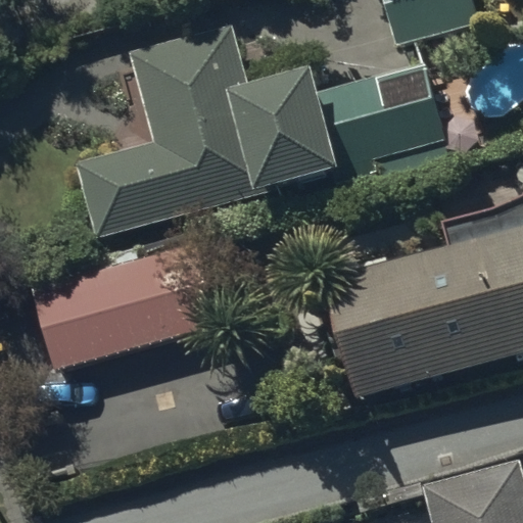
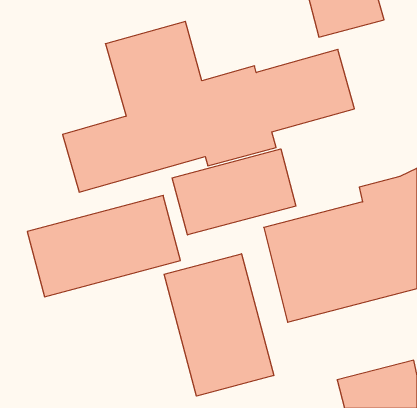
building: none -> [172,149,296,235]
building: none -> [164,254,274,396]

